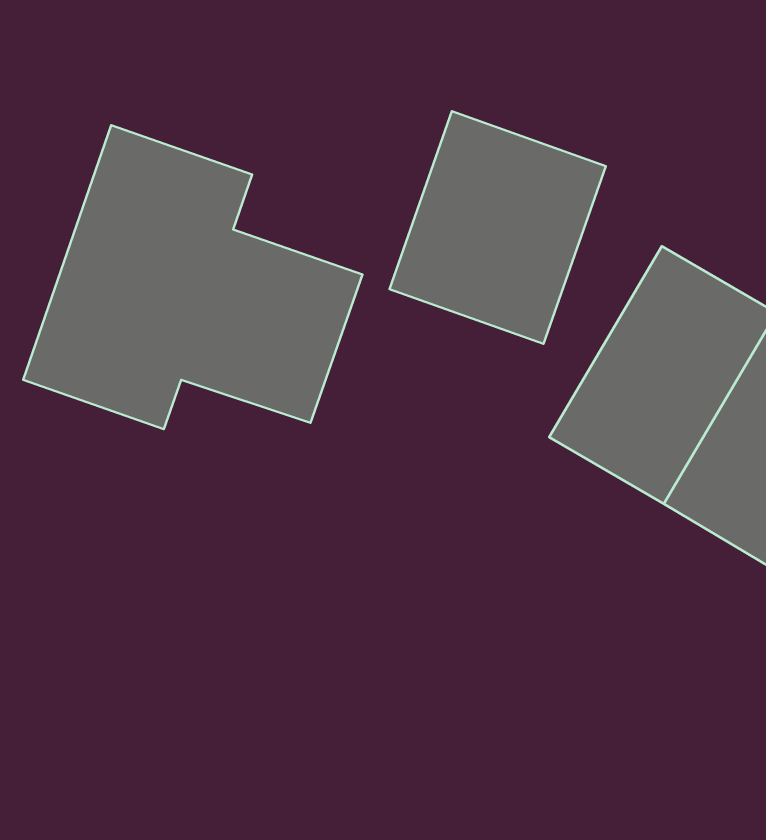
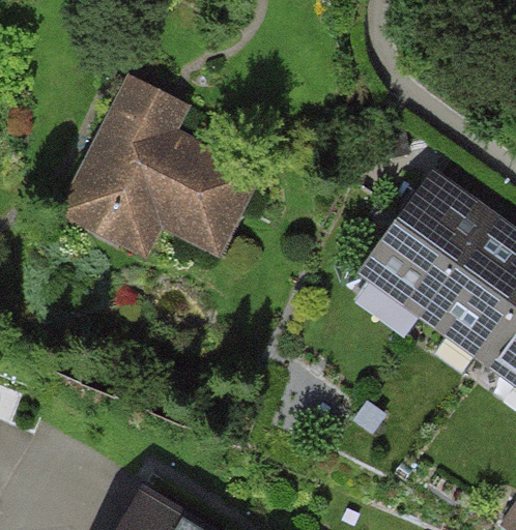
building: [390,111,606,344] -> none

